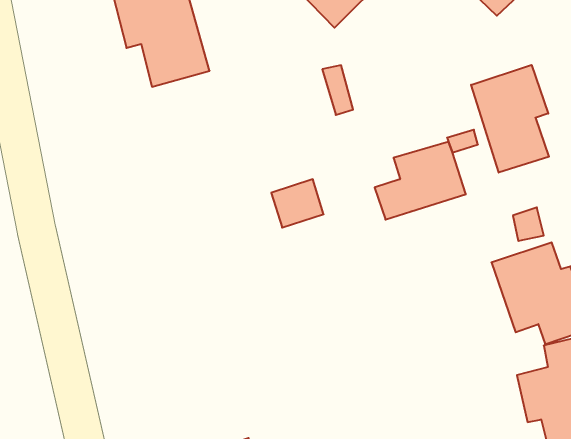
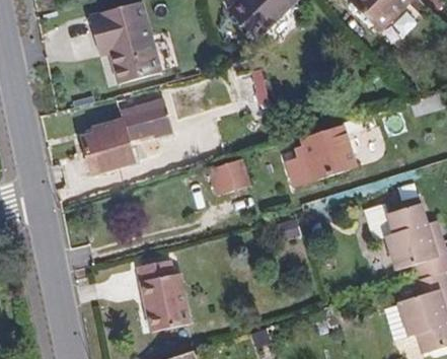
building: [471,65,549,173] -> none
building: none -> [81,100,172,174]
building: none -> [137,259,190,331]

